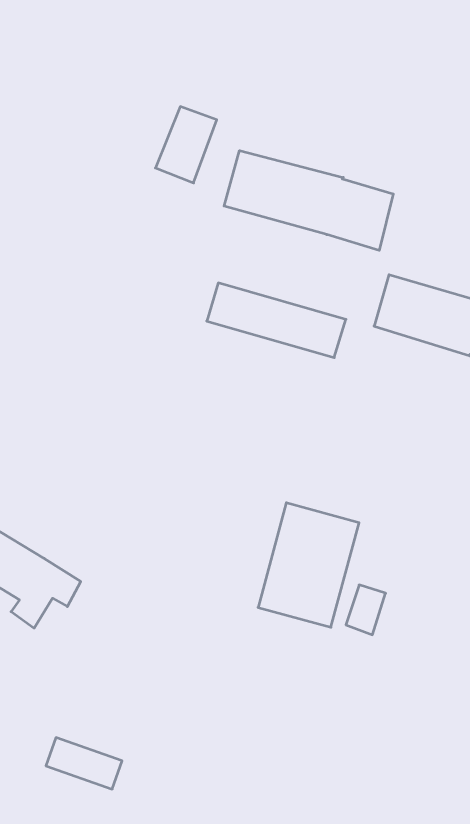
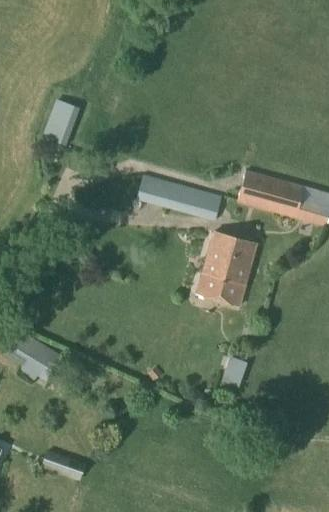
building: [155,107,217,183] -> [42,100,79,146]
building: [224,151,393,250] -> none
building: [258,503,359,627] -> [197,231,258,306]

